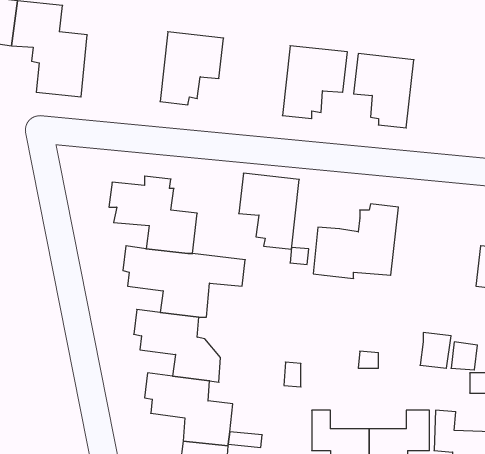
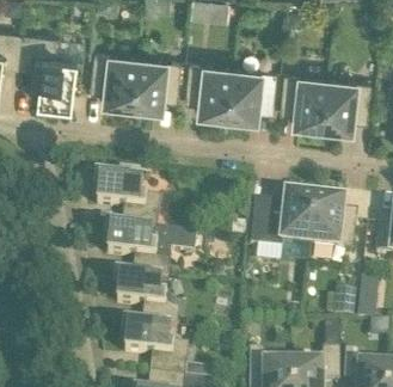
building: none -> [92,53,139,111]
building: none -> [323,79,371,134]
building: [239,173,299,249] -> [186,63,233,122]
building: none -> [311,192,357,250]

